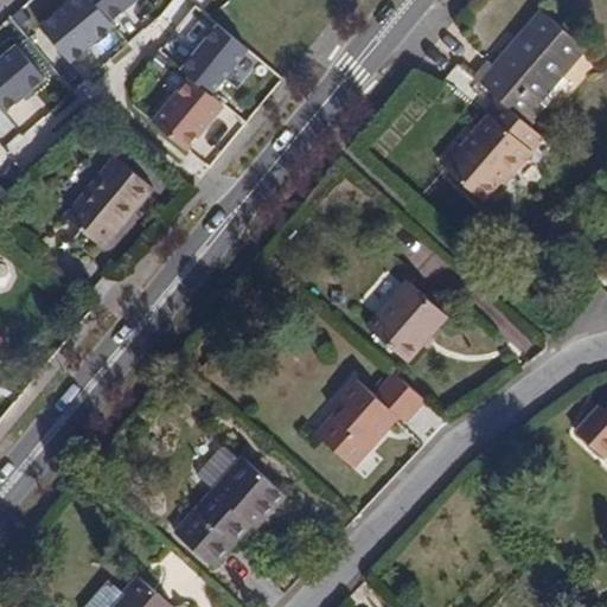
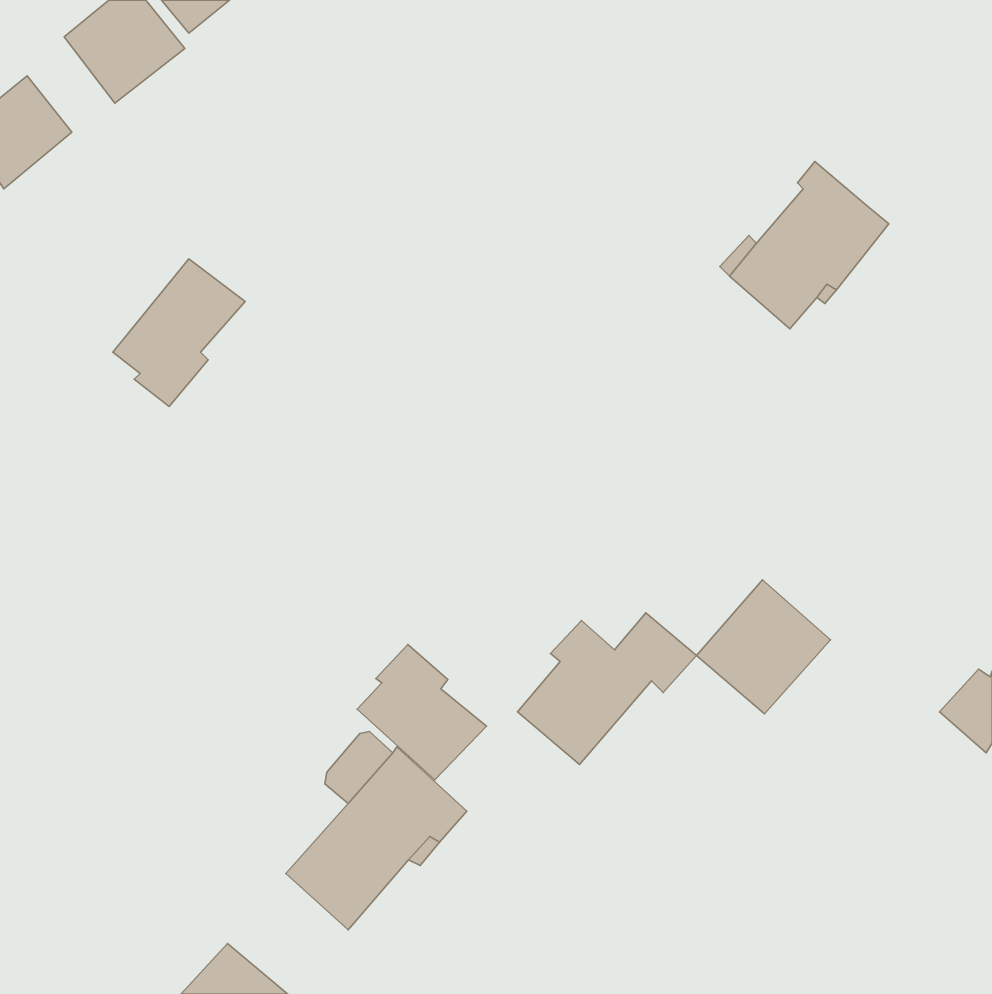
building: [473,9,584,126] -> none
building: [178,25,249,96] -> none
building: [147,81,219,155] -> none
building: [366,280,448,362] -> [696,580,831,714]
building: none -> [357,645,486,780]

